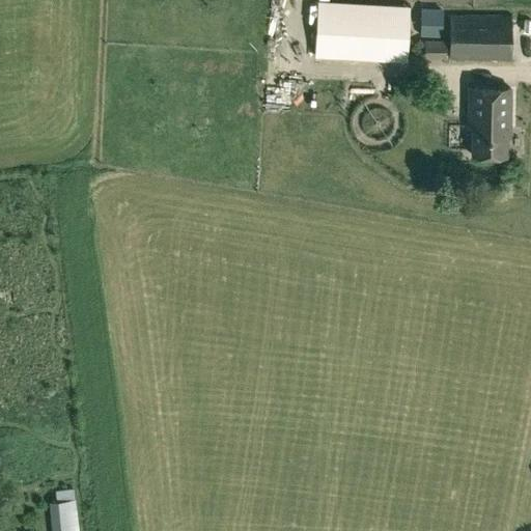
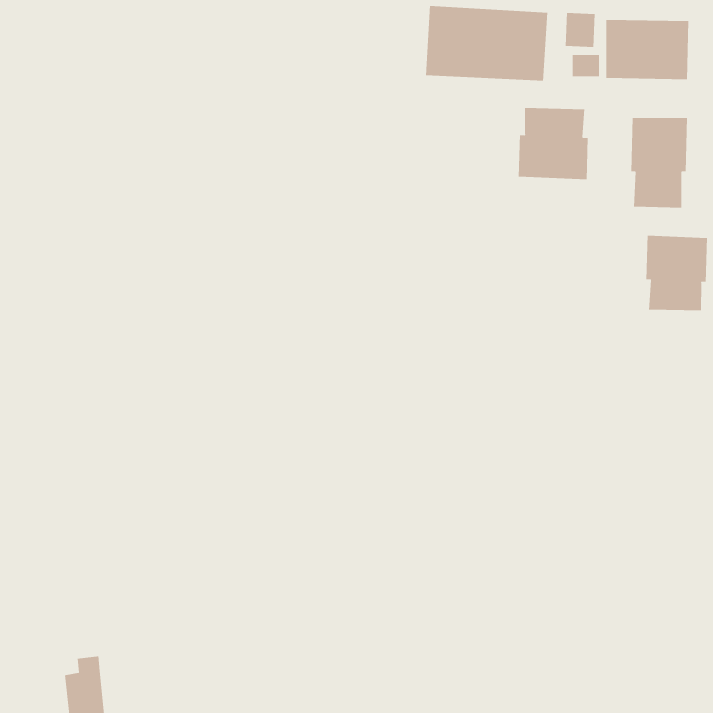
building: none -> [518,107,588,180]
building: none -> [646,235,707,311]

